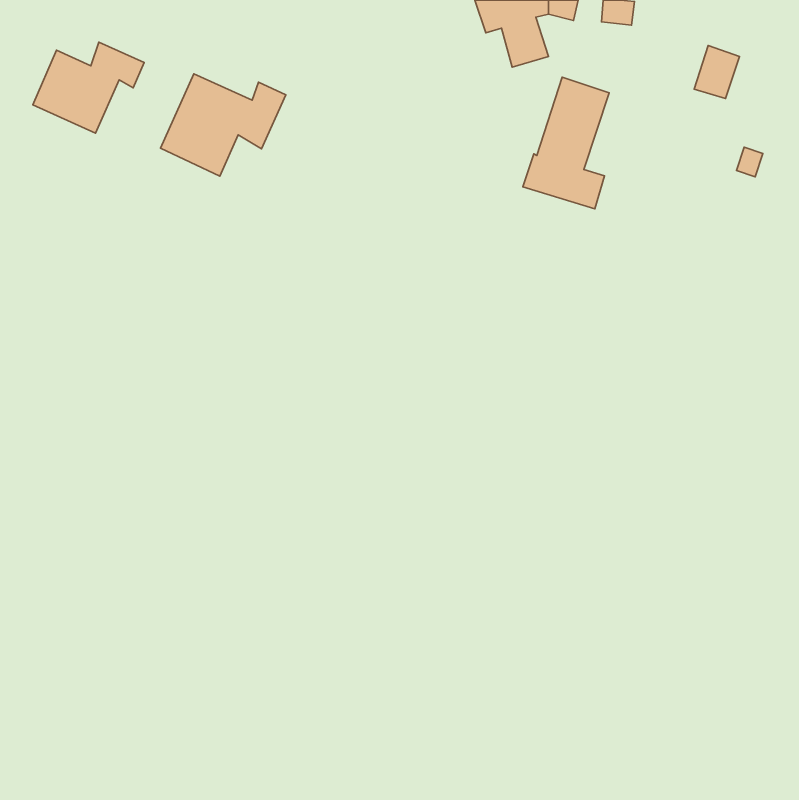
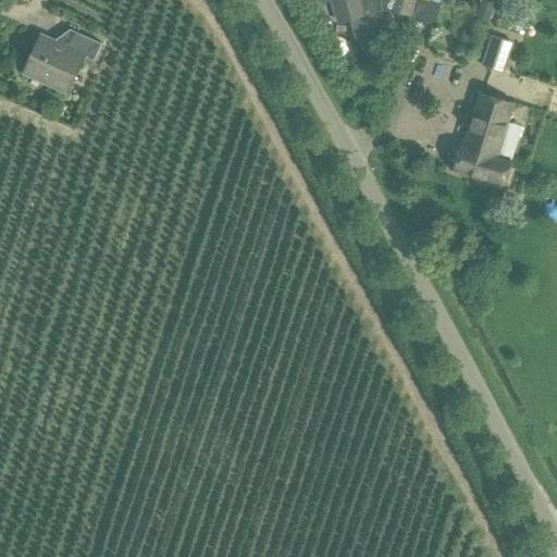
building: [161,74,286,176] -> none
building: [523,77,609,209] -> [453,92,512,184]

